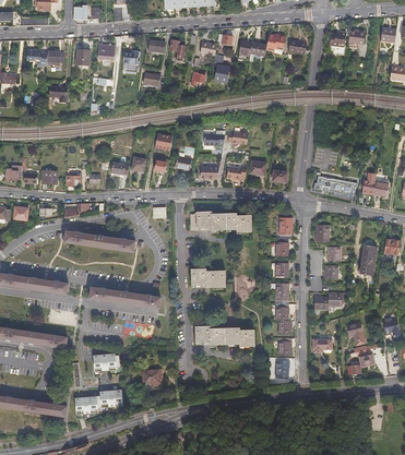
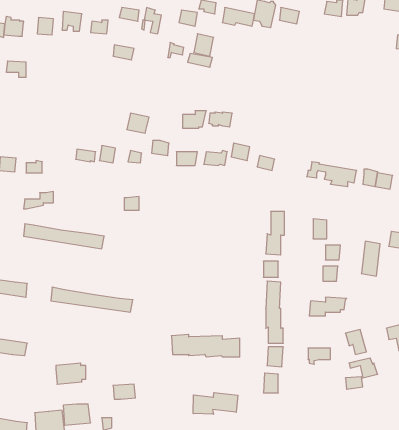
building: [190,209,251,230] -> none
building: [190,268,225,288] -> none
building: none -> [193,393,238,414]

